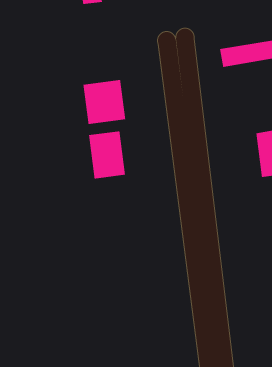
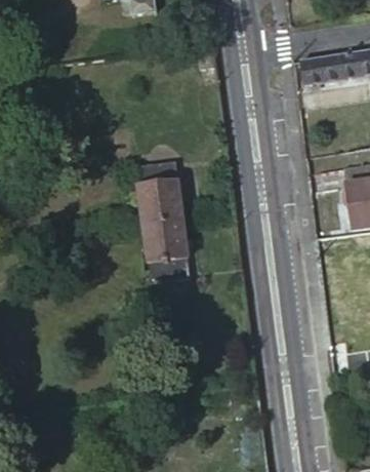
building: [83,79,126,125] -> none
building: none -> [143,221,191,281]

